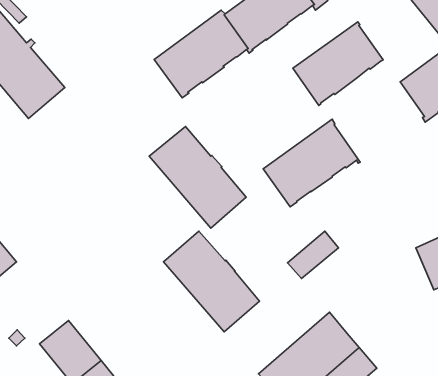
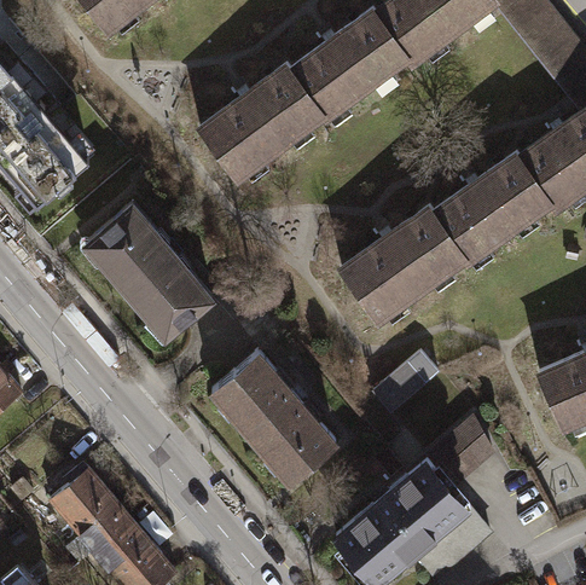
building: [293,22,383,106] -> [434,155,551,263]
building: [149,127,246,228] -> [87,207,213,338]
building: none -> [428,421,491,486]

